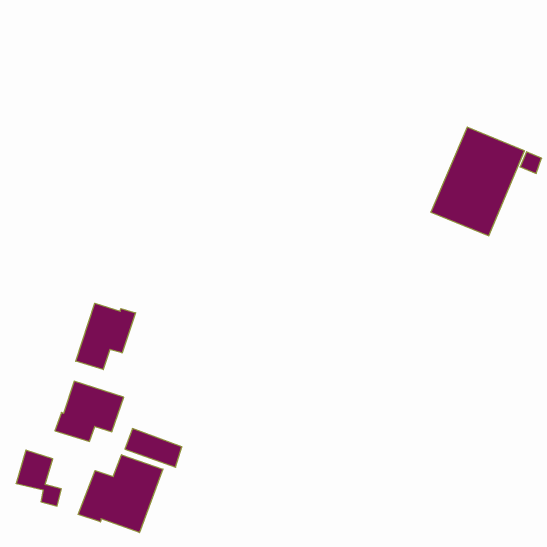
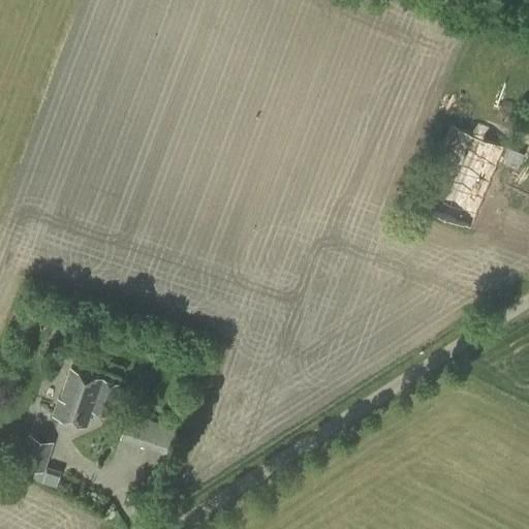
building: [76,303,136,370] -> none
building: [78,455,163,533] -> none

